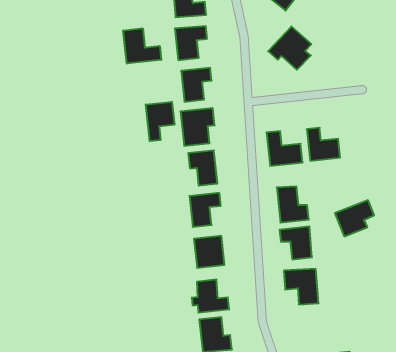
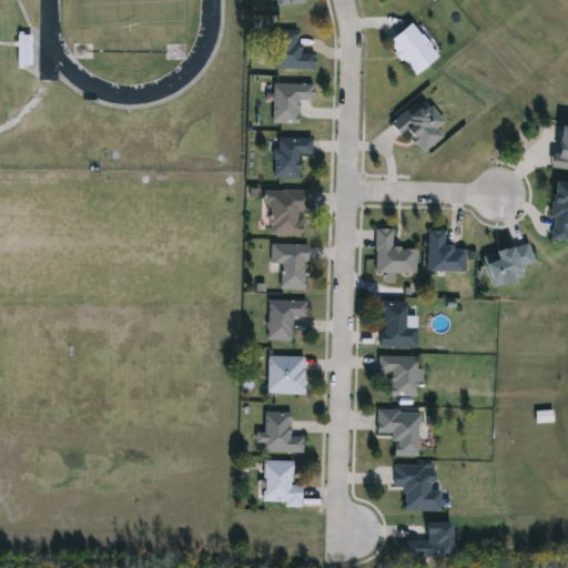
building: [123,28,161,64] -> none
building: [146,102,174,141] -> none
building: [335,200,374,236] -> [485,243,535,286]
building: none -> [396,465,443,509]

